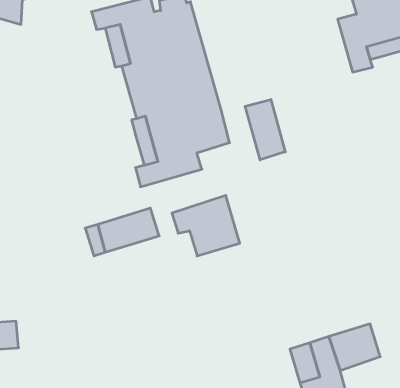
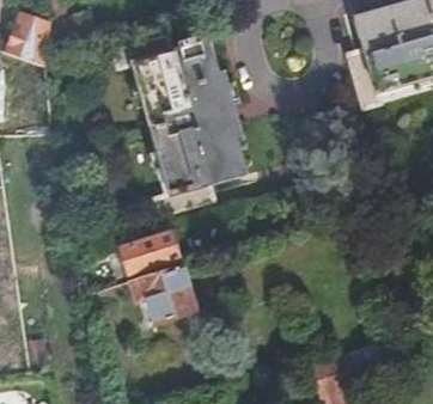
building: [245,99,285,160] -> none
building: [172,195,240,256] -> [130,263,195,320]

